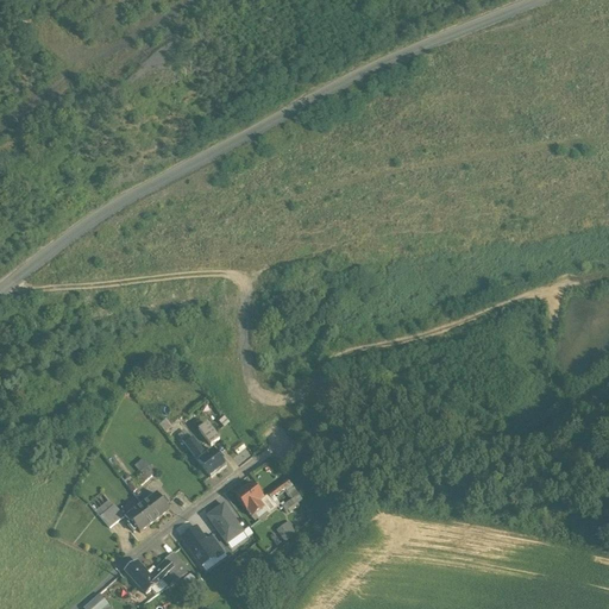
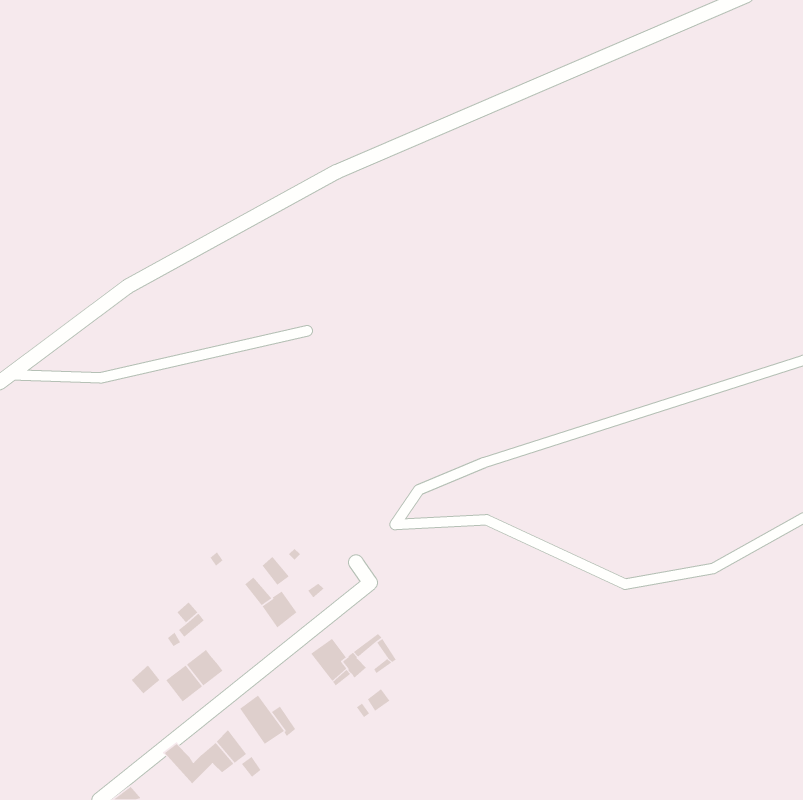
building: [207,503,241,541] -> none

